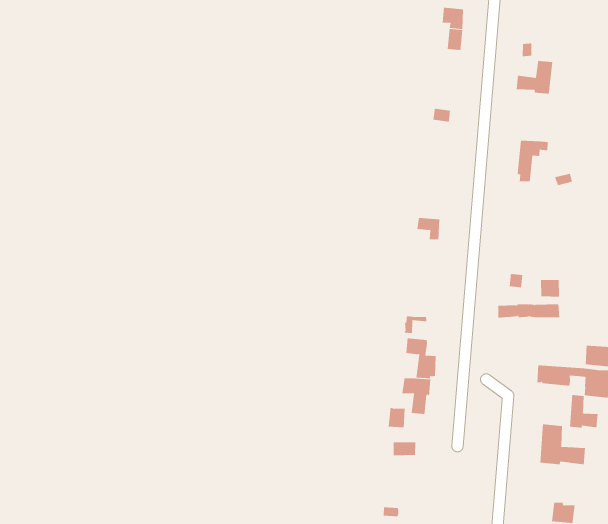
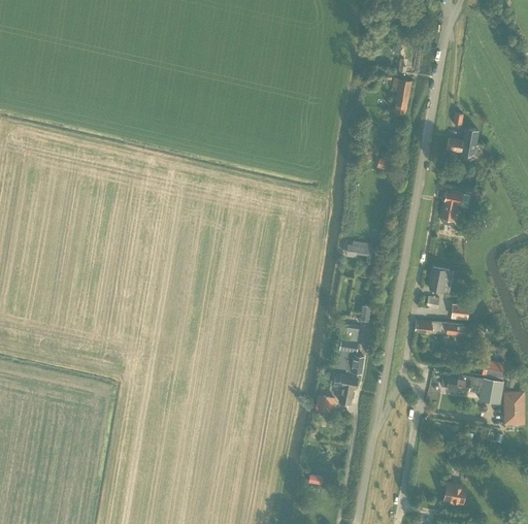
building: none -> [428,267,450,293]
building: [570,394,598,429] -> none
building: [540,423,586,465] -> none

